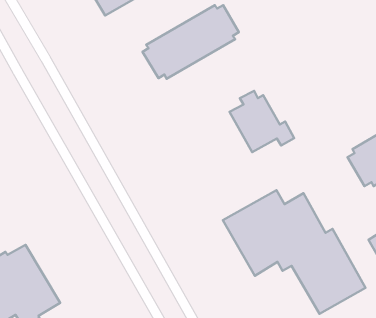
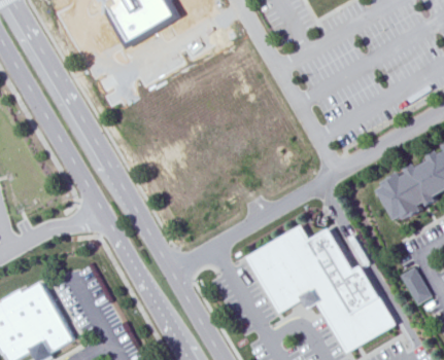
building: [142,5,239,79] -> none
building: [229,91,294,152] -> none

